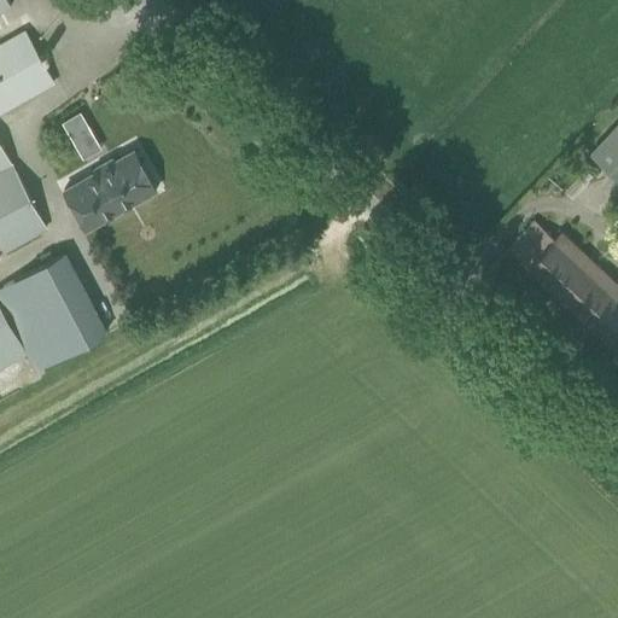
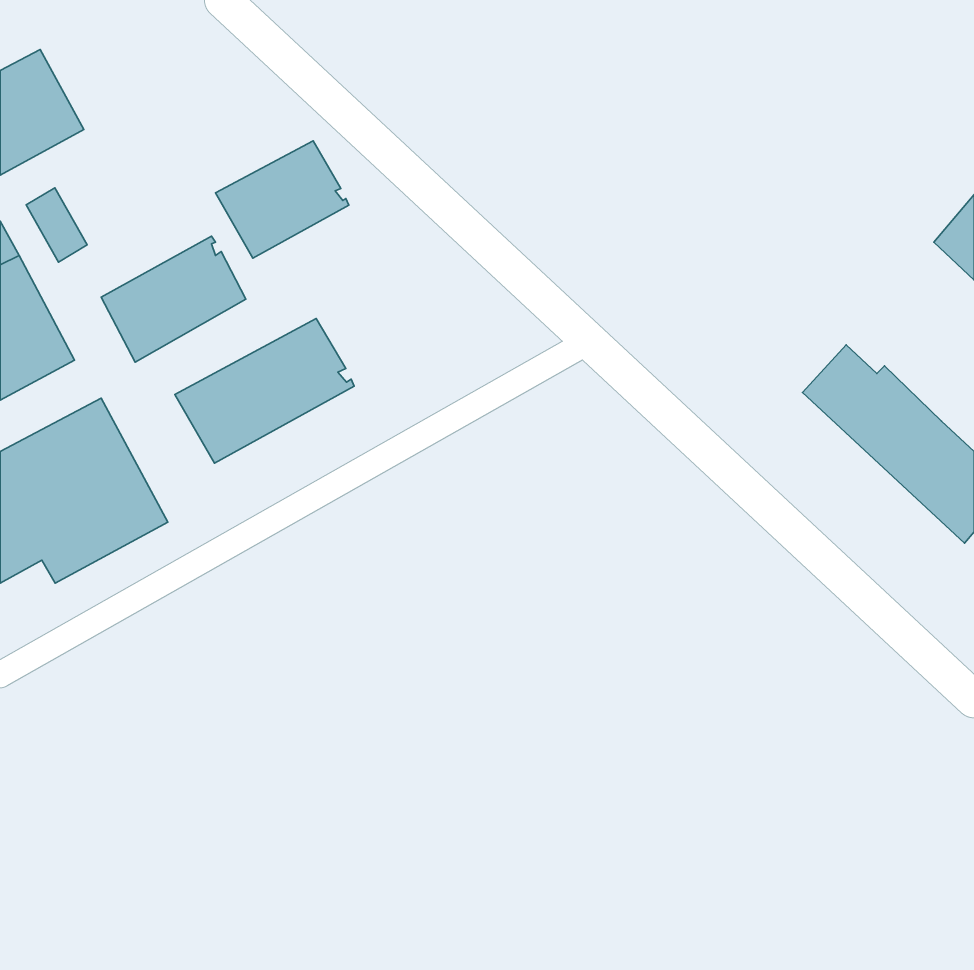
building: none -> [216,141,349,258]
building: [63,113,101,161] -> [26,188,87,262]
building: none -> [175,319,354,463]

